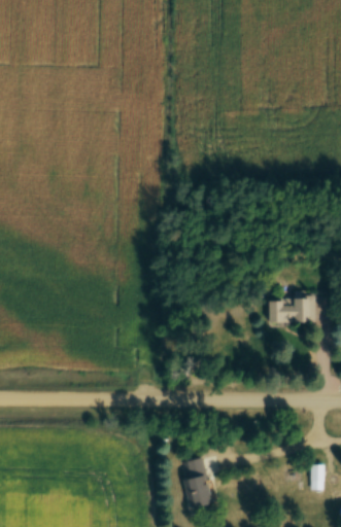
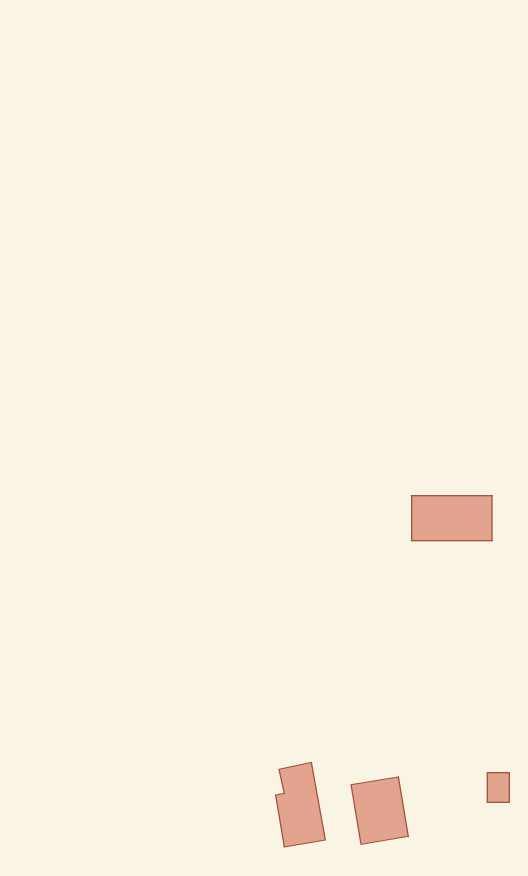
building: none -> [351,777,408,844]

